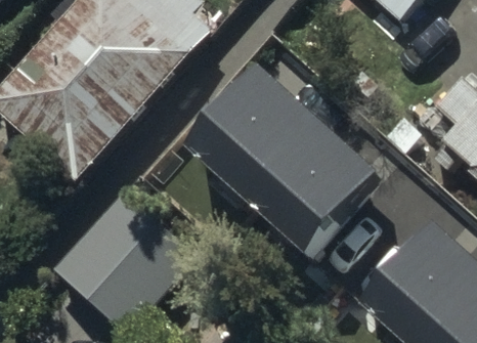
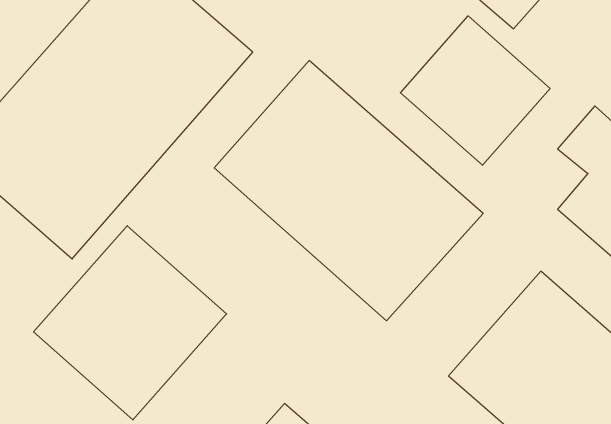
building: none -> [400,16,550,165]

